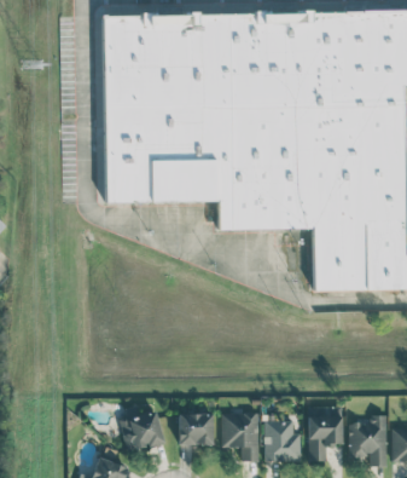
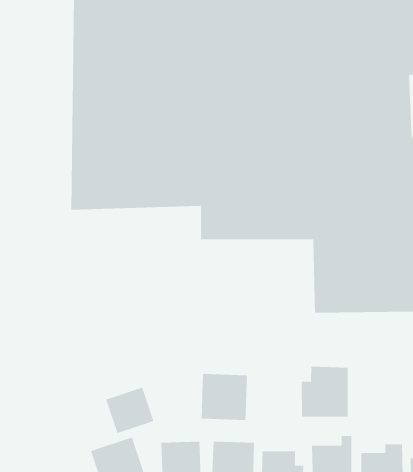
building: none -> [301,366,348,418]
building: none -> [201,373,247,421]
building: none -> [106,387,154,434]

